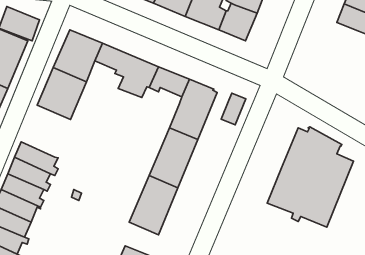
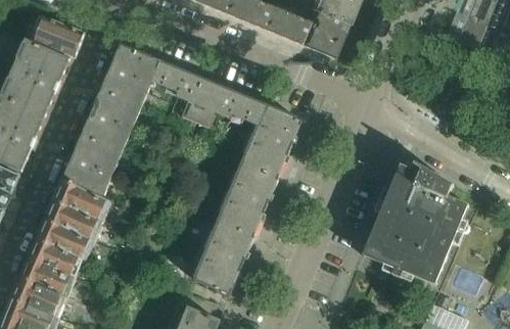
building: [221,93,246,125] -> none
building: none -> [61,136,122,199]

